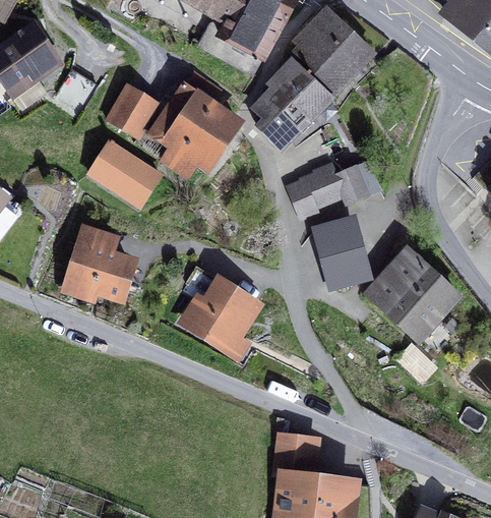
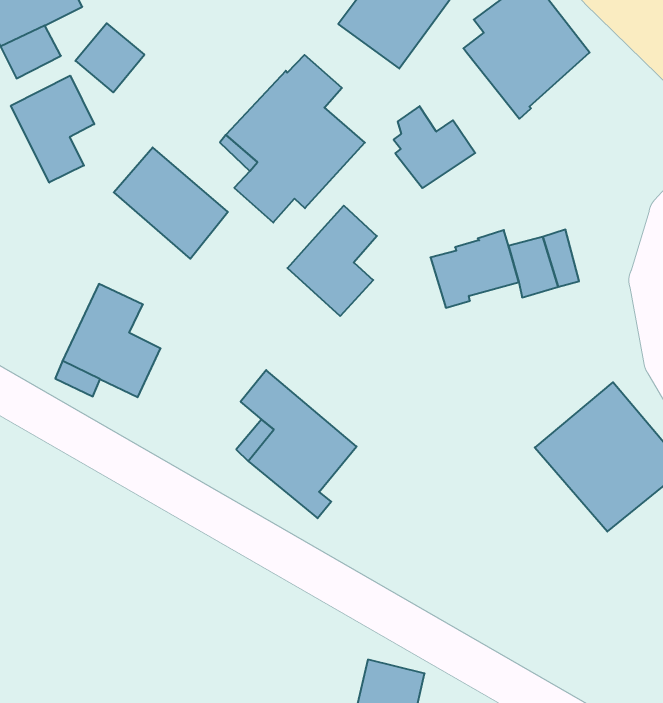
building: [268,59,331,120] -> none
building: [107,85,158,138] -> none
building: none -> [11,76,94,183]
building: none -> [287,206,377,316]
building: [317,222,366,285] -> none

